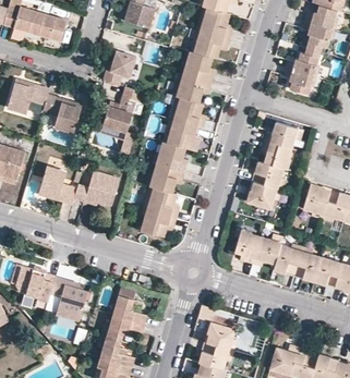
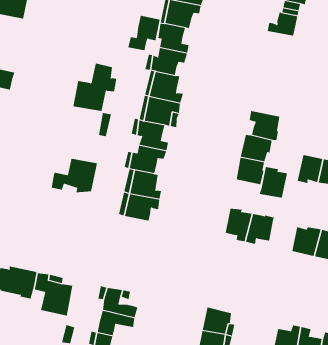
building: [104,51,136,85] -> [128,15,160,51]
building: [285,69,312,95] -> none
building: [43,95,81,132] -> none
building: [266,123,300,149] -> none
building: [40,167,77,205] -> none
building: [273,245,301,276] -> [259,167,288,198]

